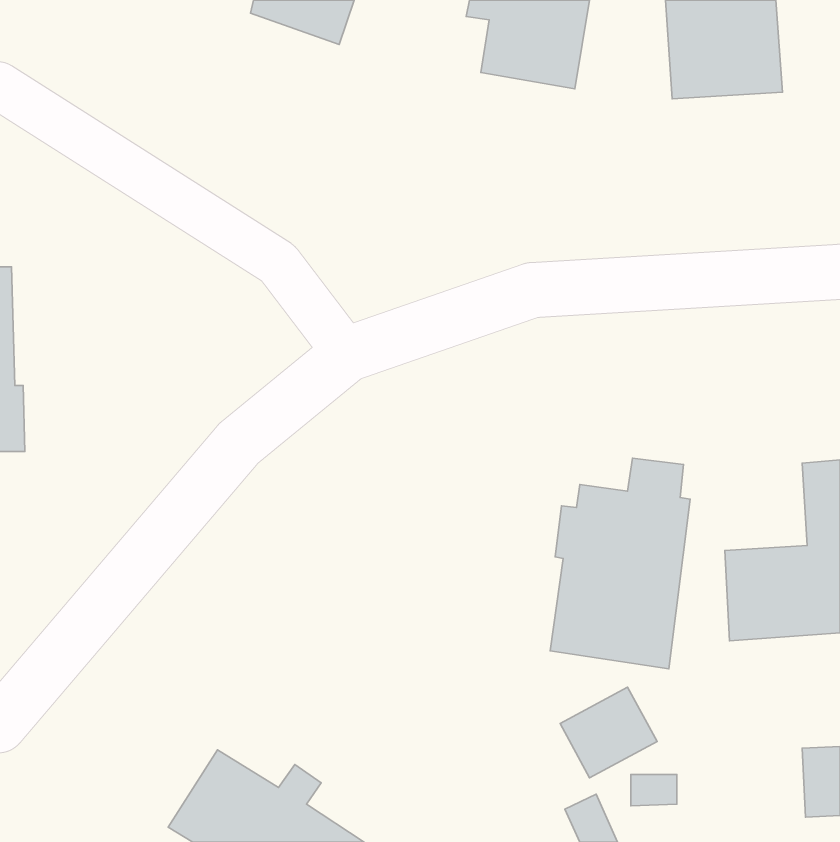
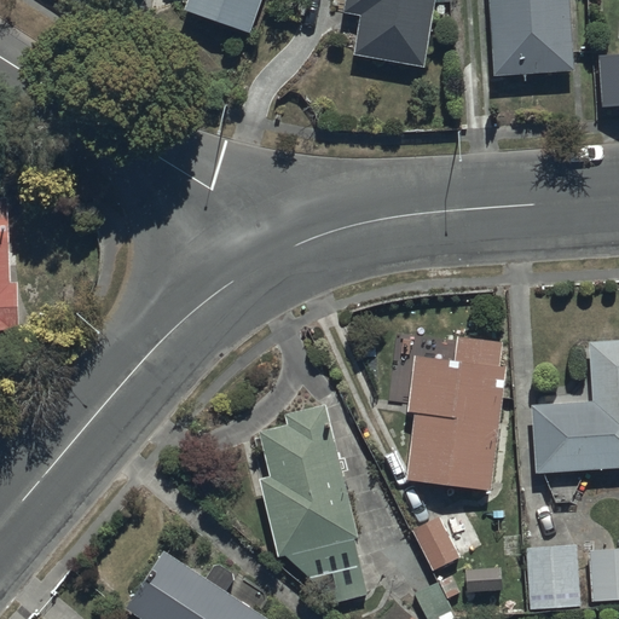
building: none -> [253,403,365,600]
building: none -> [525,544,580,611]

